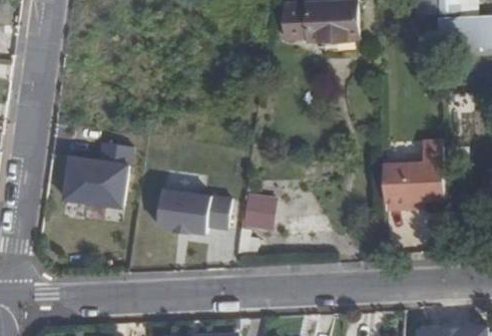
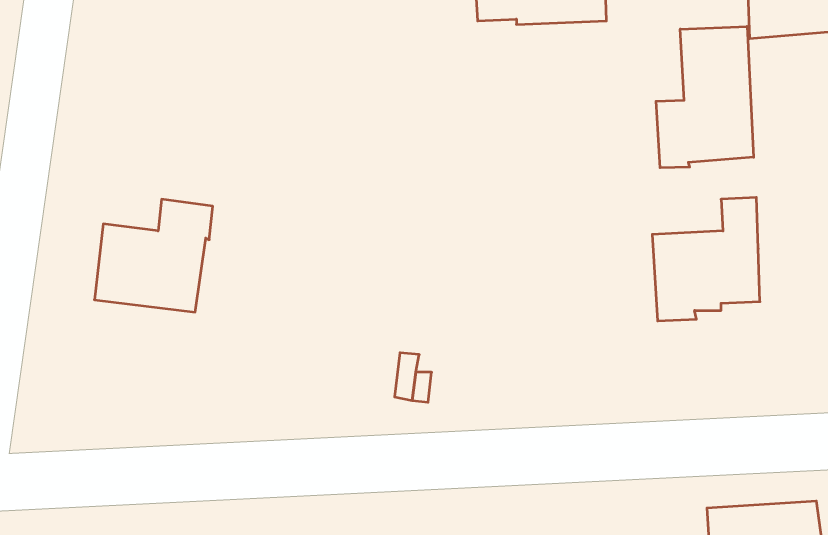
building: none -> [656,26,754,168]
building: [157,188,230,232] -> none
building: [242,195,272,229] -> none

